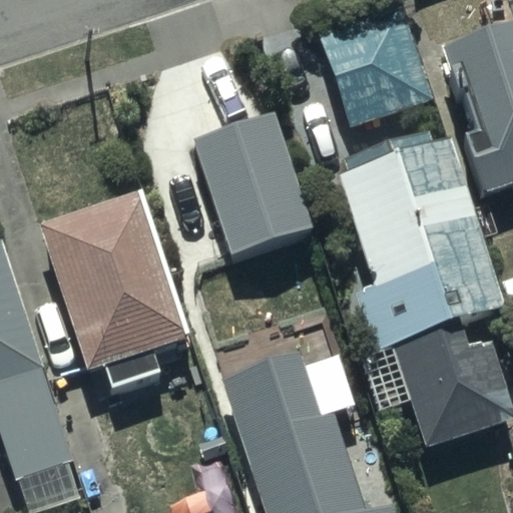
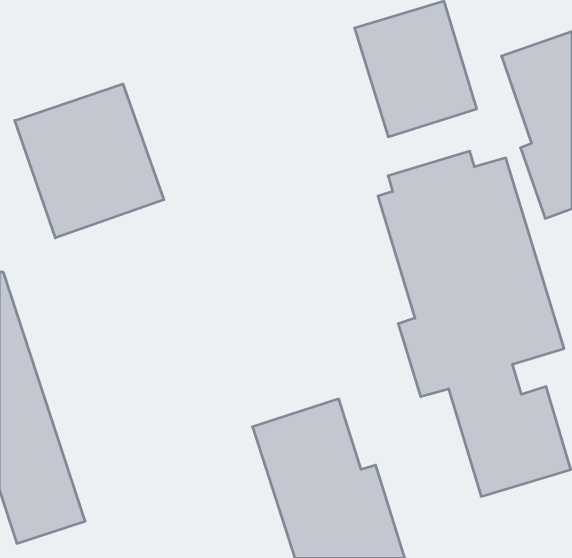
building: none -> [15,84,164,238]
building: [197,114,314,256] -> none
building: [40,195,192,393] -> none

